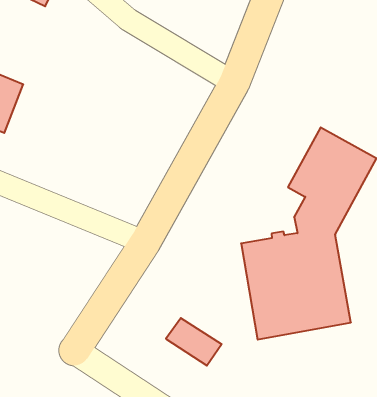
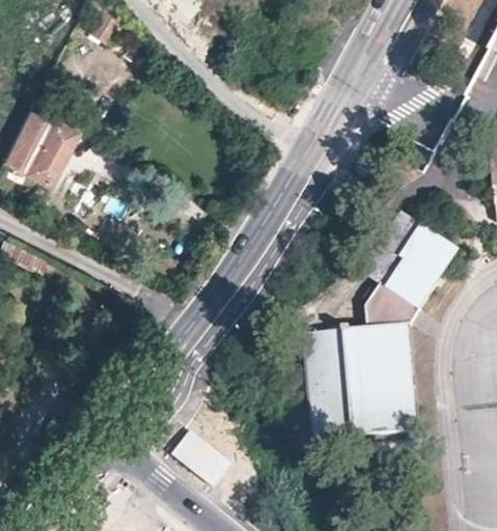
building: [166,318,222,366] -> [170,430,232,486]

